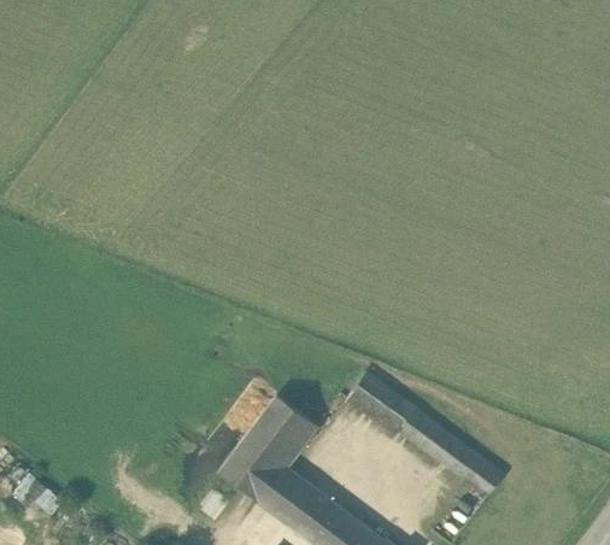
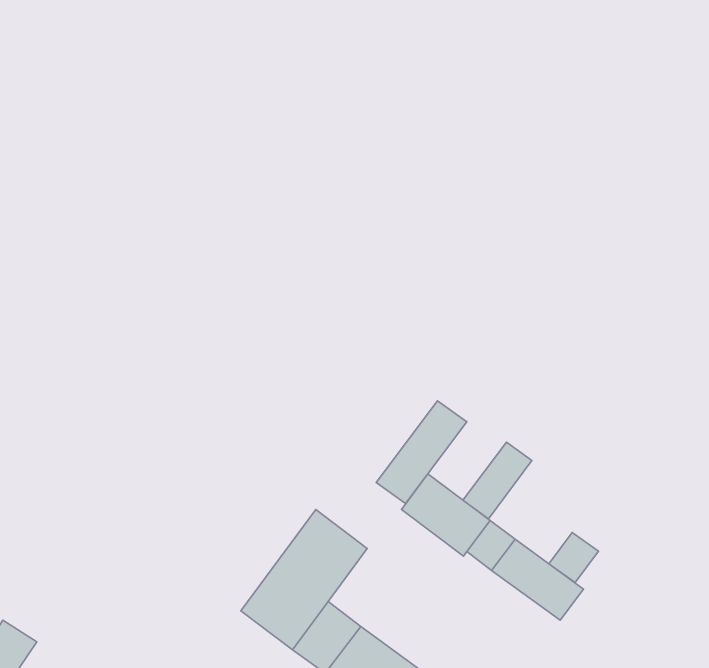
building: none -> [376,401,467,504]
building: none -> [463,442,532,519]
building: [467,458,505,497] -> [549,533,599,582]

